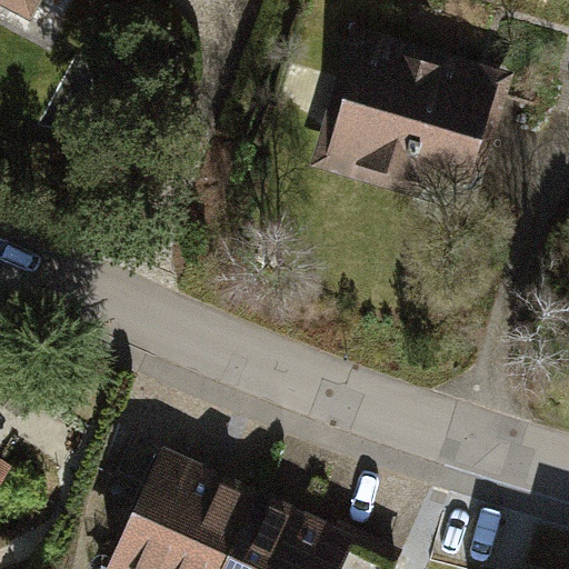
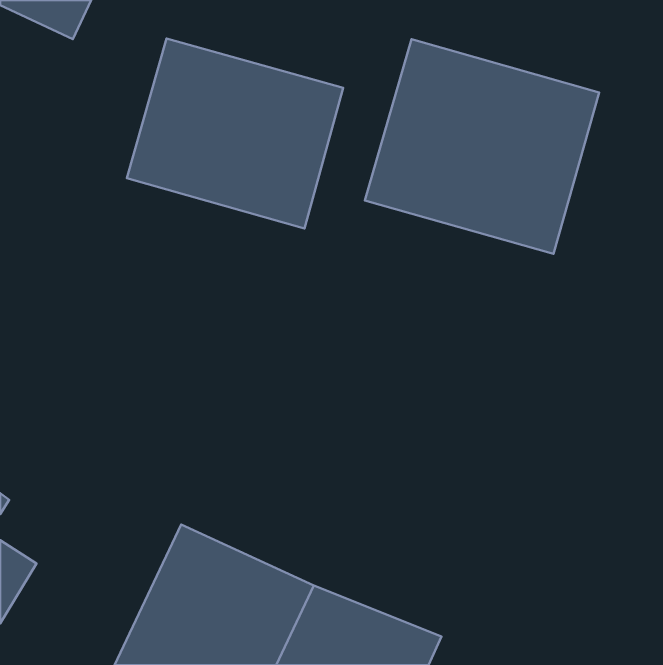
building: none -> [127,38,343,228]

